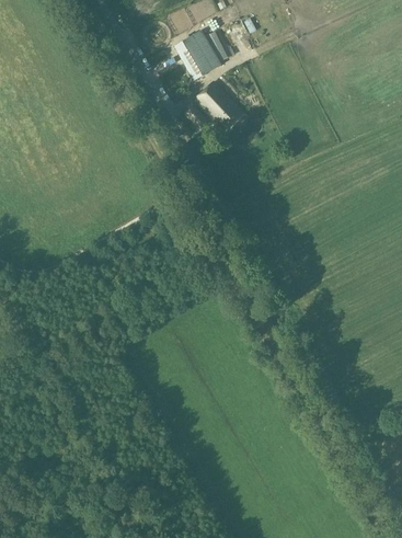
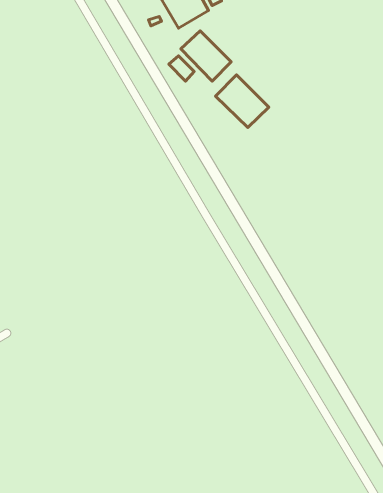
building: none -> [215,75,269,127]

